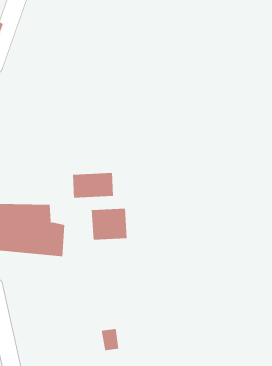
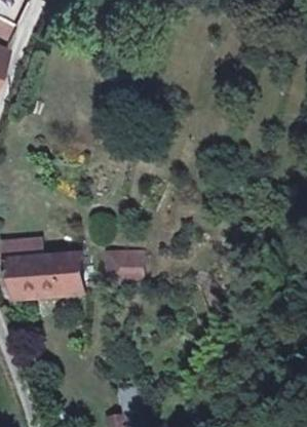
building: [73,172,114,199] -> none

